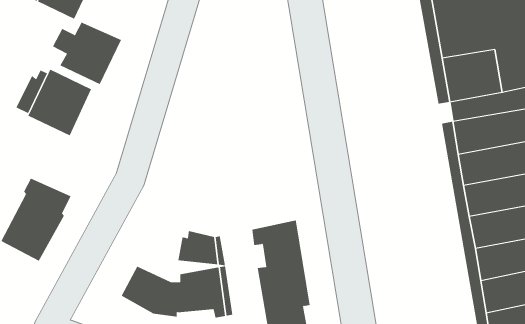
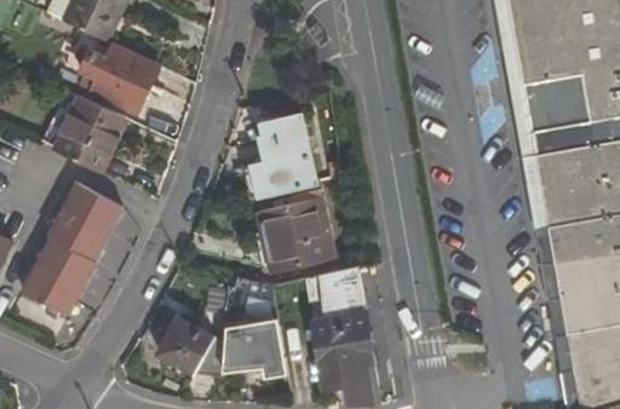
building: none -> [251,111,320,195]
building: none -> [58,182,122,238]
building: none -> [257,189,337,270]

